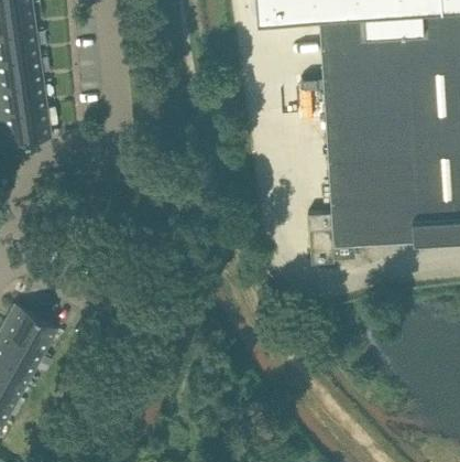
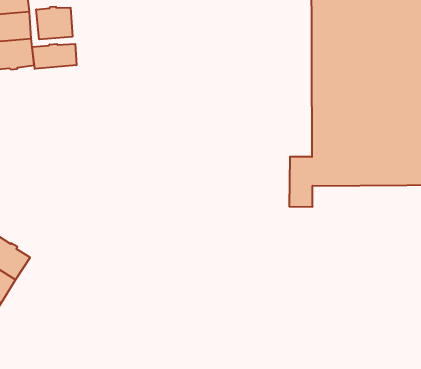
building: none -> [36,7,72,39]
building: none -> [32,44,76,69]

